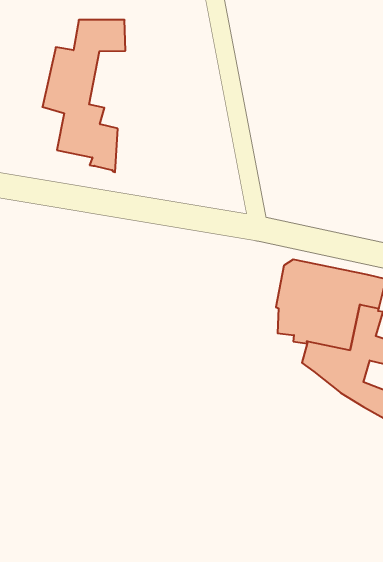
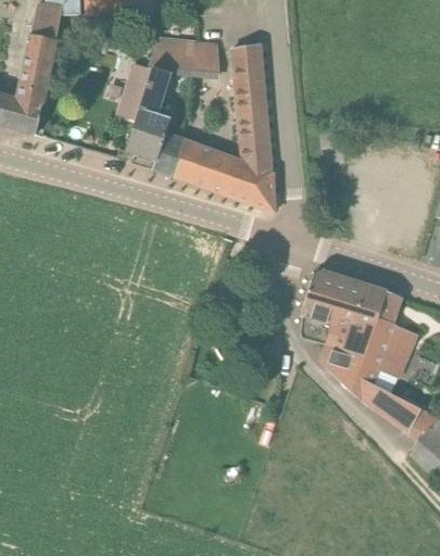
building: none -> [174,42,275,211]
building: none -> [194,42,219,73]

